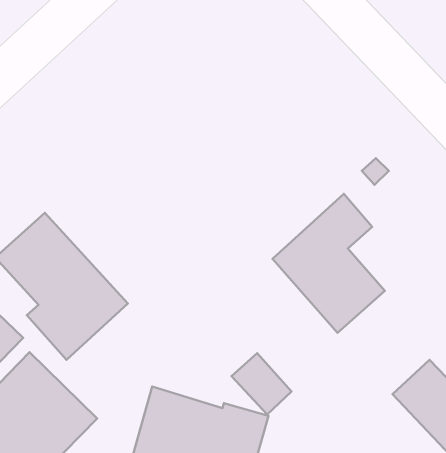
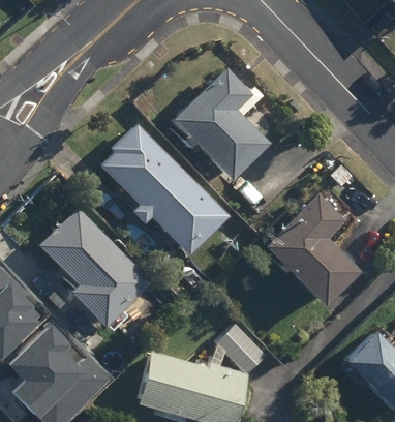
building: none -> [179,68,272,179]
building: none -> [107,124,226,253]

